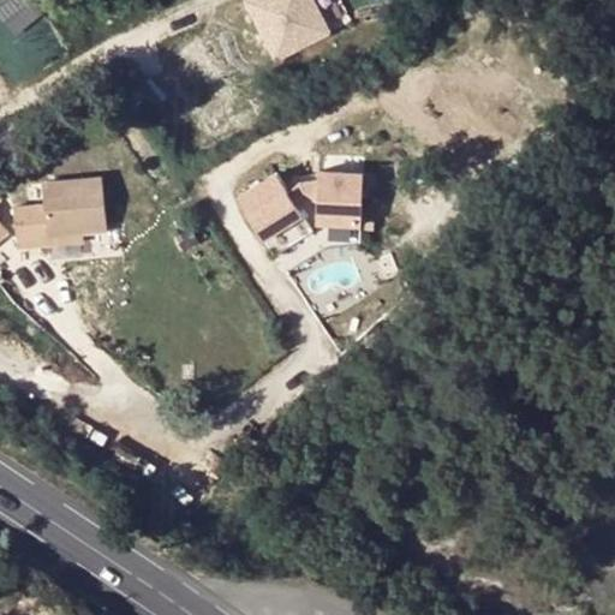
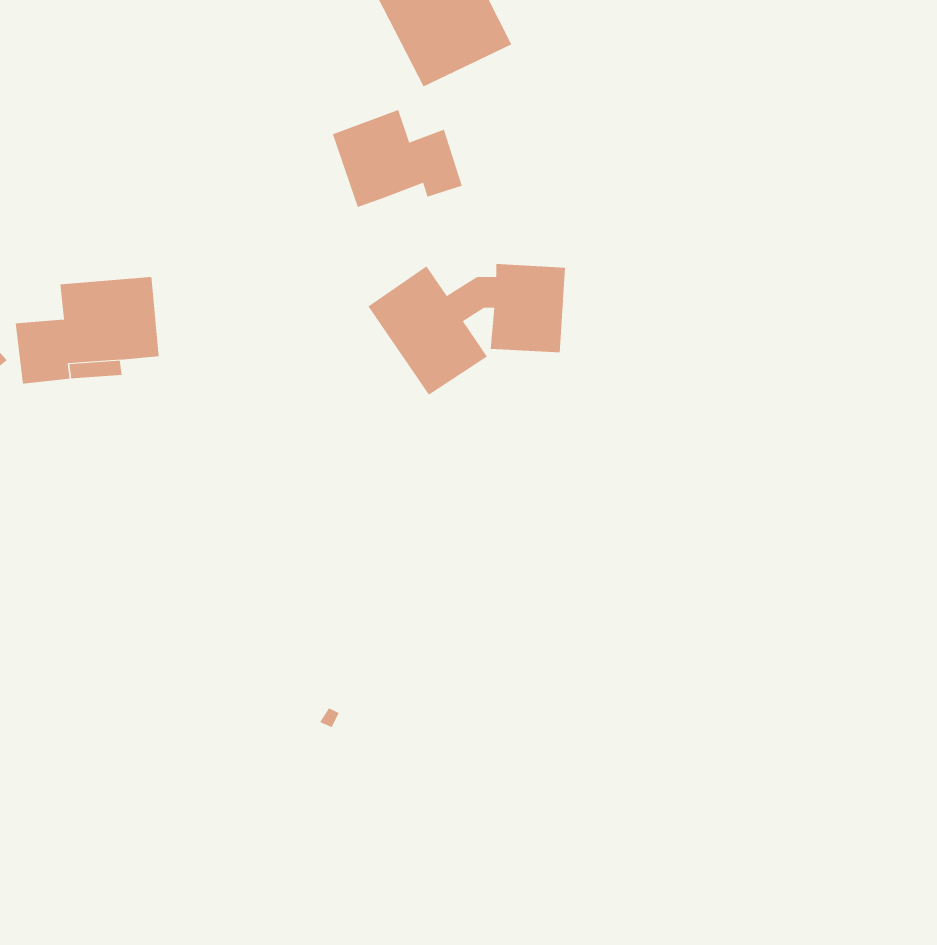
building: none -> [332,109,462,208]

